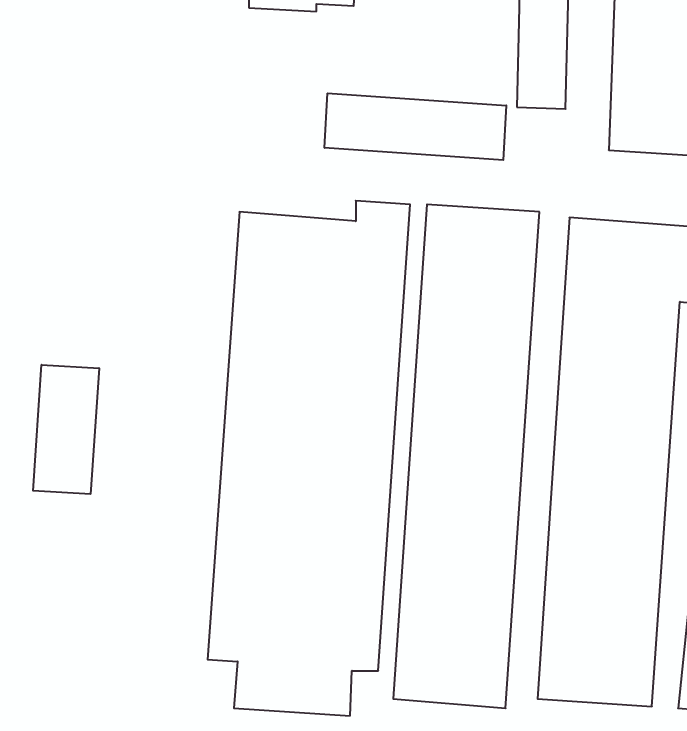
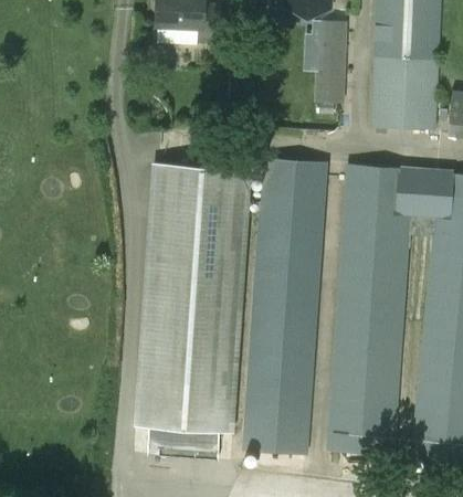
building: [325,93,506,160] -> none
building: [33,365,99,494] -> none

